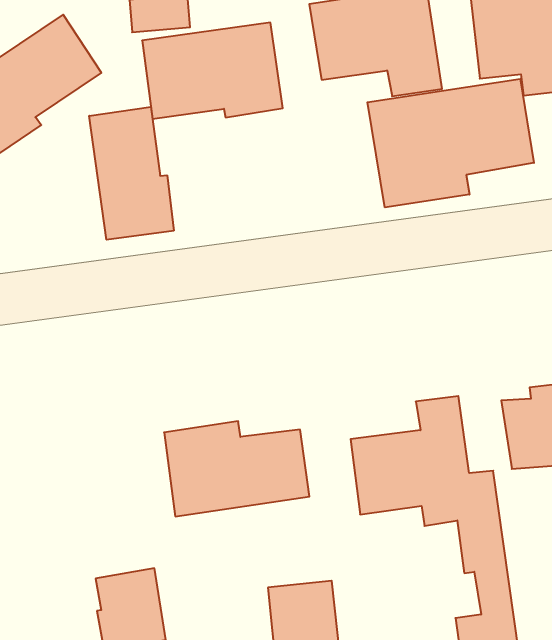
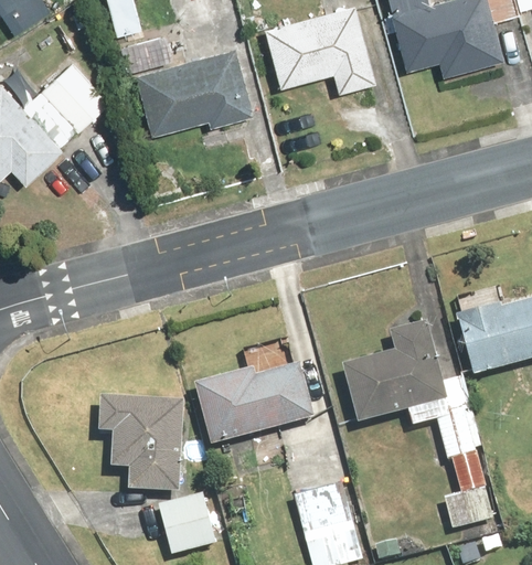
building: [367,79,534,207] -> none
building: [89,107,174,240] -> none
building: none -> [97,396,184,490]

